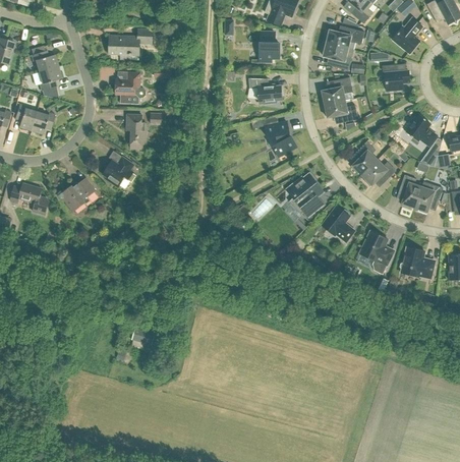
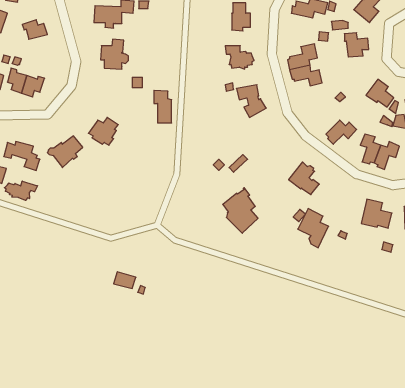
building: [322,43,351,70] -> none
building: [37,66,60,91] -> none
building: [126,113,146,149] -> [154,90,172,123]
building: [350,141,377,175] -> none
building: [286,171,325,221] -> [223,188,258,233]
building: none -> [4,181,38,200]
building: [359,231,393,274] -> [298,209,329,248]

